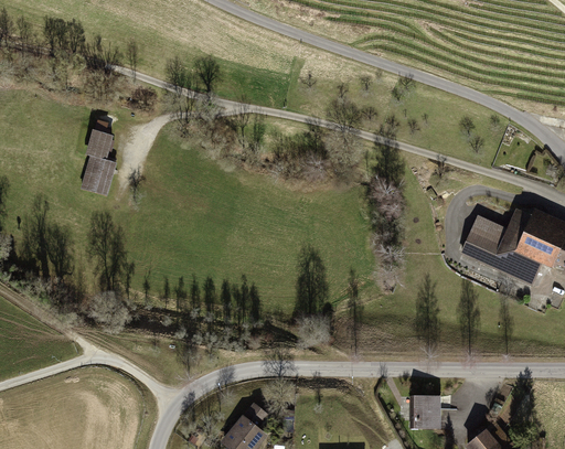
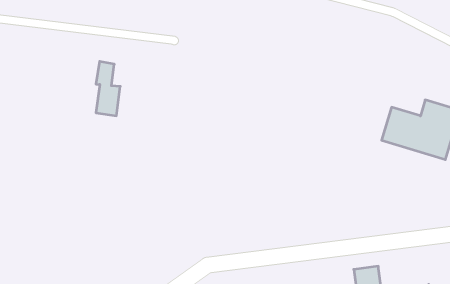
building: [82,130,114,195] -> [96,61,120,116]

